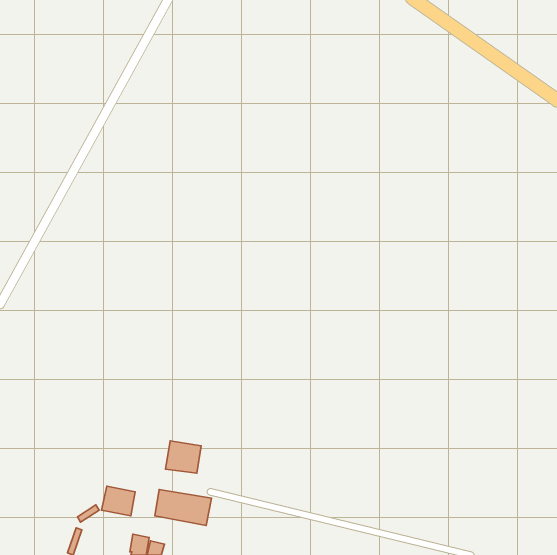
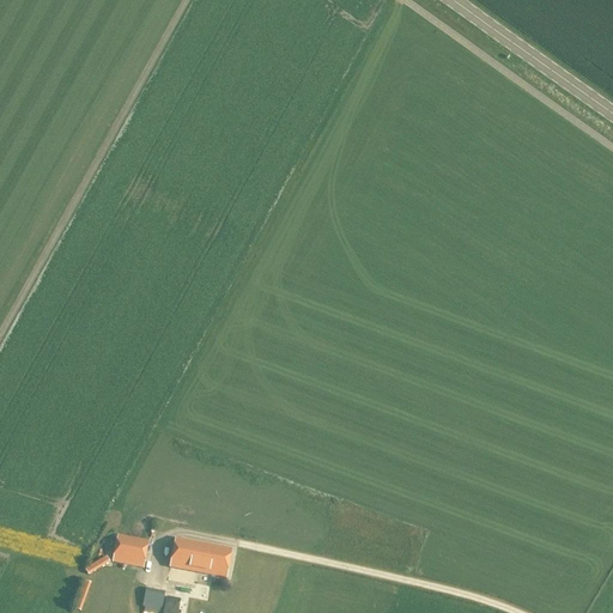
building: [165,441,201,473] -> none

